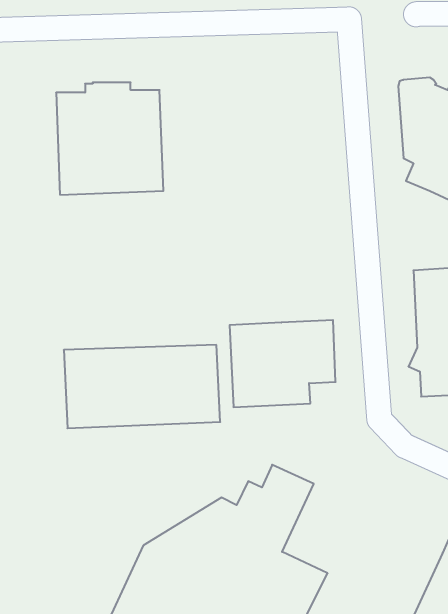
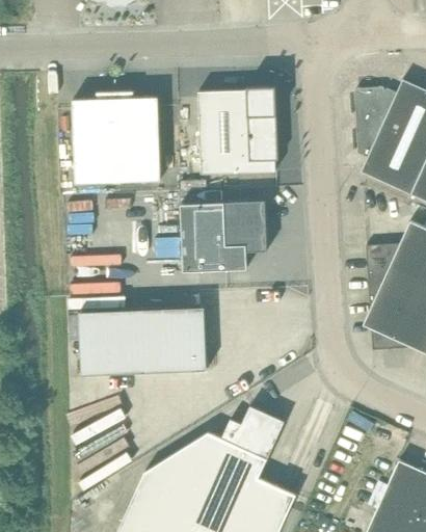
building: none -> [198,86,278,175]
building: [230,320,336,407] -> [181,201,268,272]

